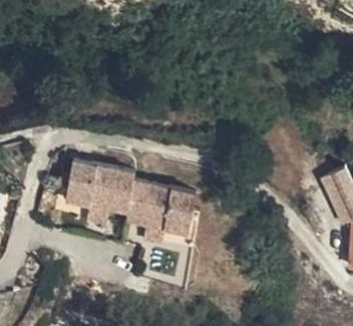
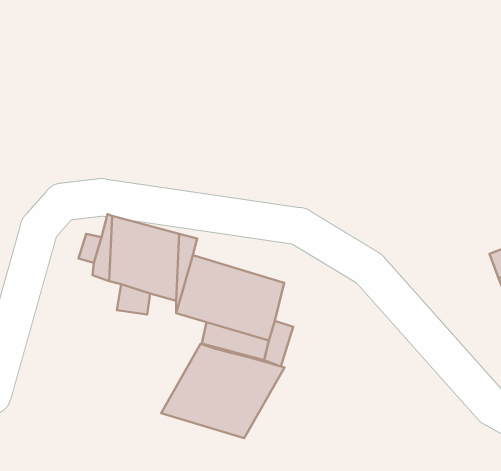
building: none -> [161,344,284,438]

